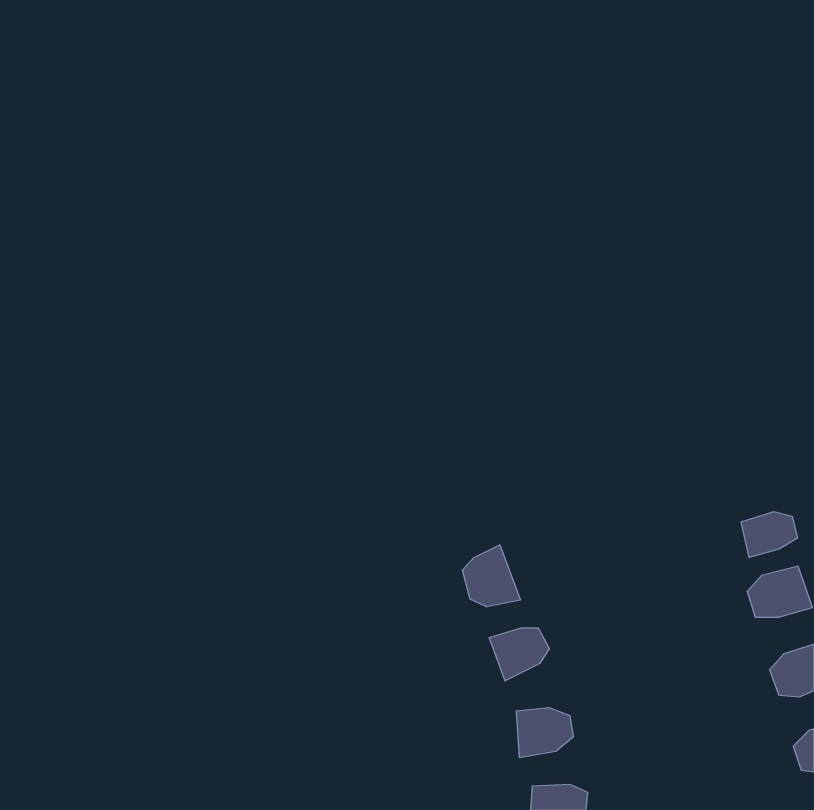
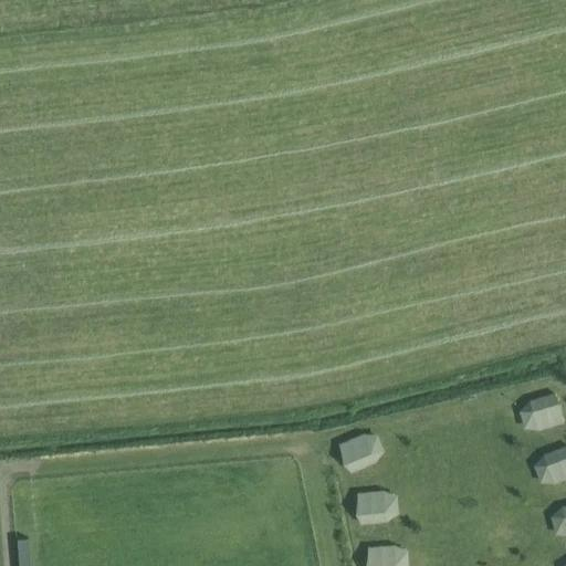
building: [741,512,798,558] -> none
building: [463,545,520,607] -> none

